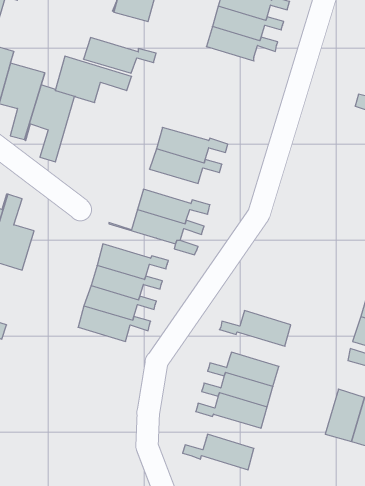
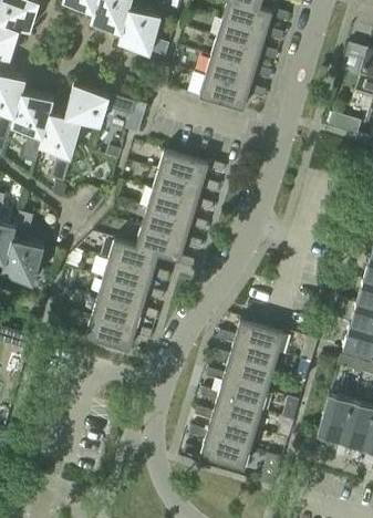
building: [83,38,156,73] -> [198,76,266,110]
building: none -> [146,190,214,222]
building: none -> [108,241,158,273]
building: none -> [211,342,278,374]
building: none -> [189,418,256,450]

